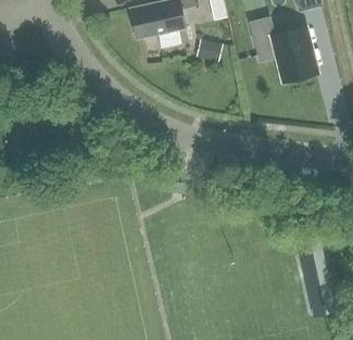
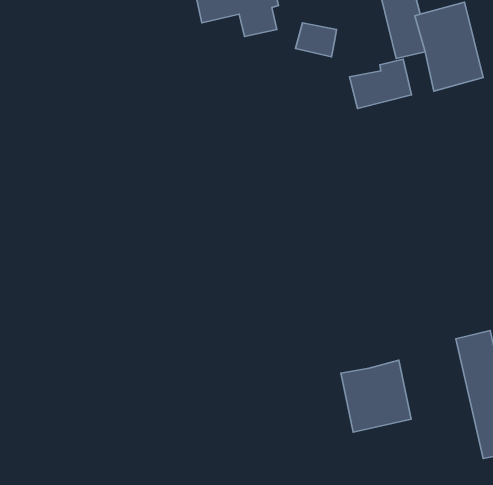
building: none -> [349,59,412,108]
building: none -> [341,360,411,432]

